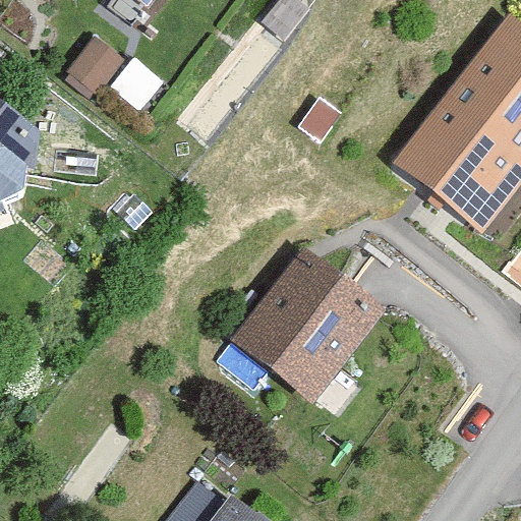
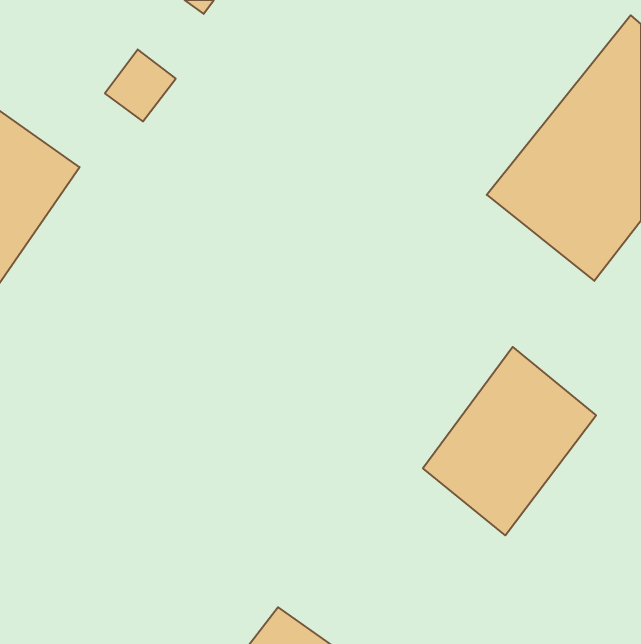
building: [245,253,385,405] -> [423,347,596,535]

